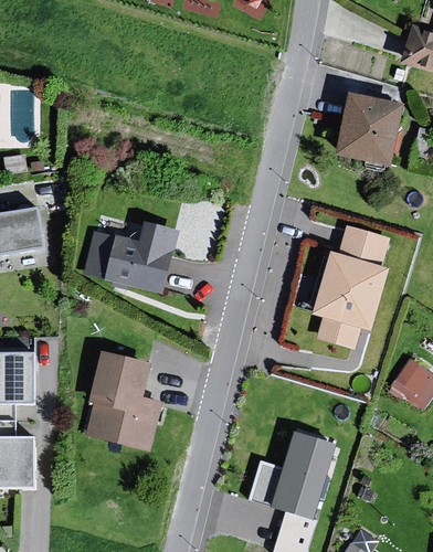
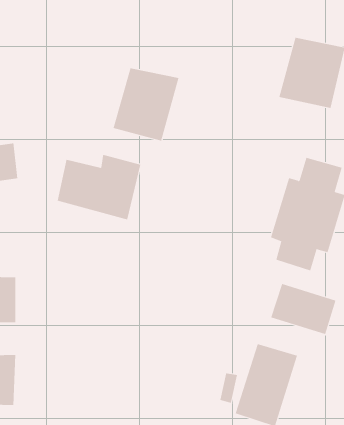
building: none -> [113,68,179,141]
building: [81,351,162,450] -> none
building: none -> [270,283,336,335]

